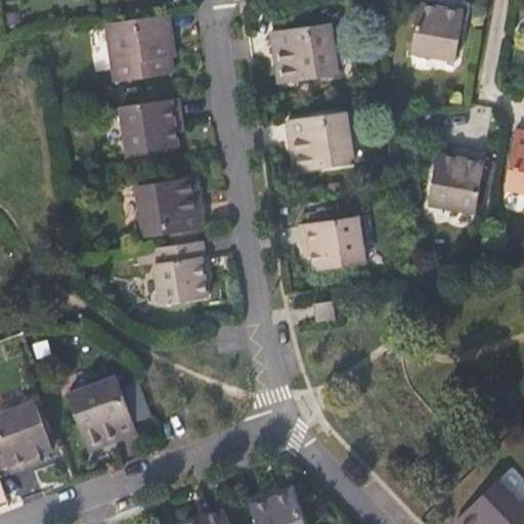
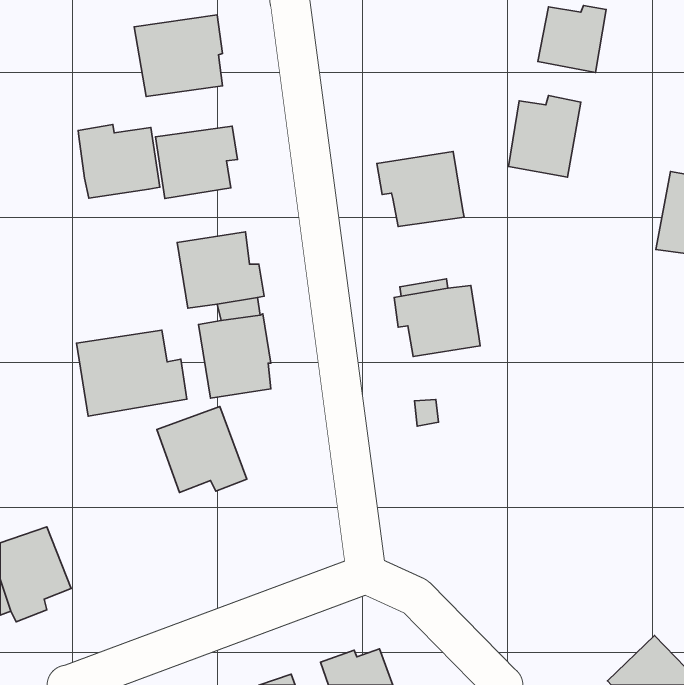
building: [271,25,338,85] -> none
building: none -> [78,125,160,198]
building: [427,154,482,216] -> [508,95,581,177]
building: none -> [76,330,187,416]
building: [72,380,140,445] -> [157,407,247,492]

